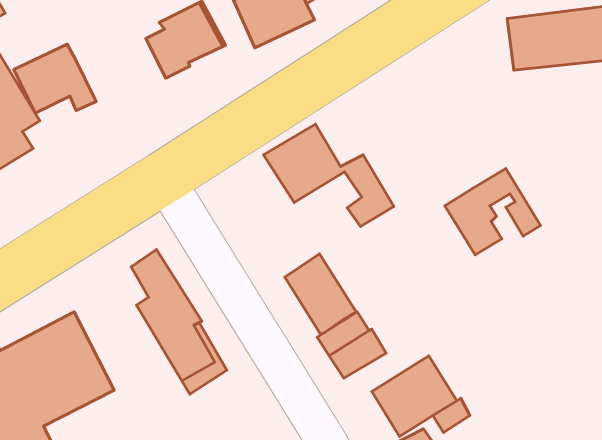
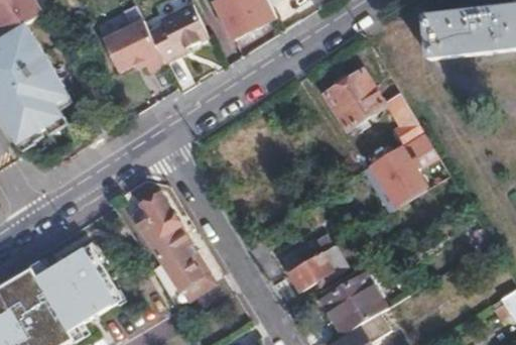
building: [14,44,96,113] -> [103,20,165,73]
building: [264,124,394,226] -> [324,68,422,145]
building: [285,254,356,334] -> none

